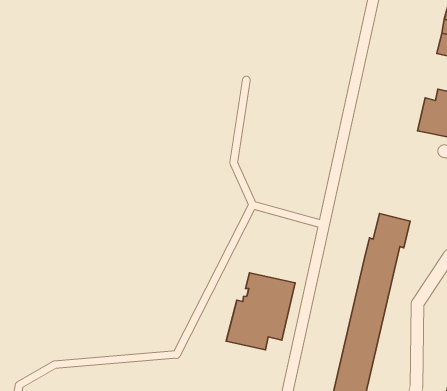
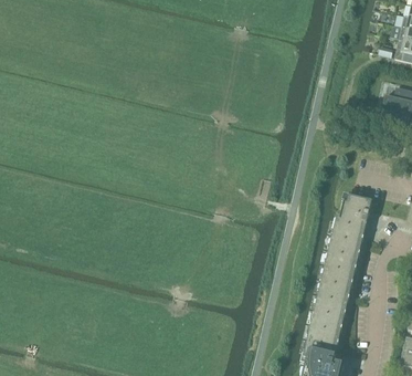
building: [226,273,295,350] -> none

